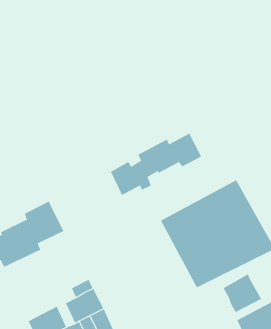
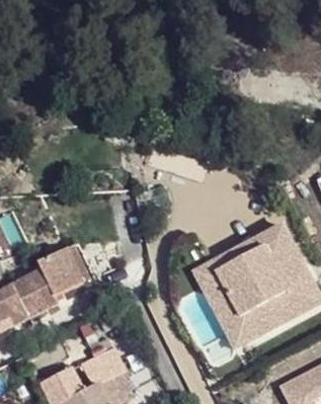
building: [110,133,202,196] -> none
building: [223,274,262,313] -> none

